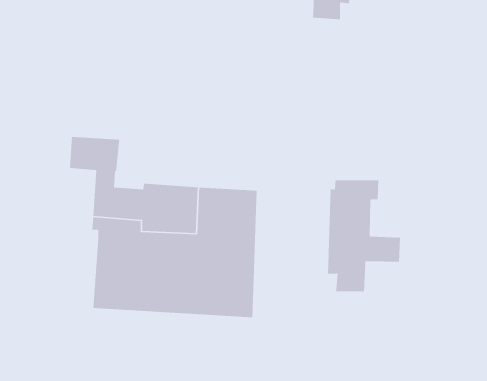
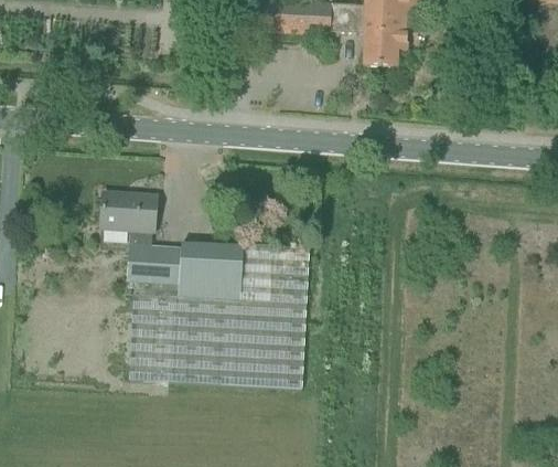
building: [327,179,401,292] -> none

